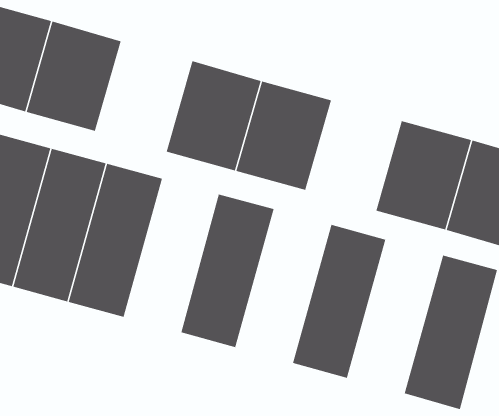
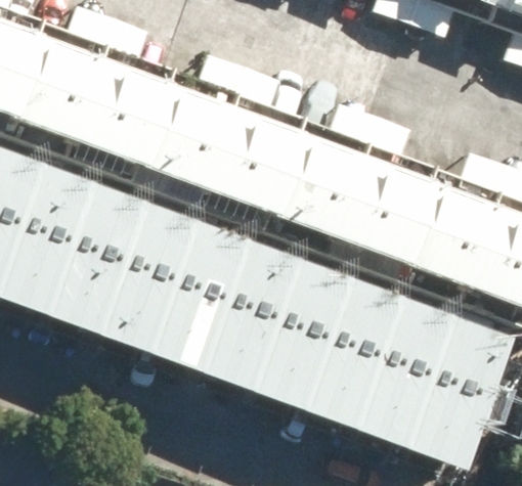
building: none -> [118,76,217,186]
building: none -> [316,150,415,261]
building: none -> [130,212,231,362]
building: none -> [235,251,338,401]
building: none -> [341,290,443,440]

